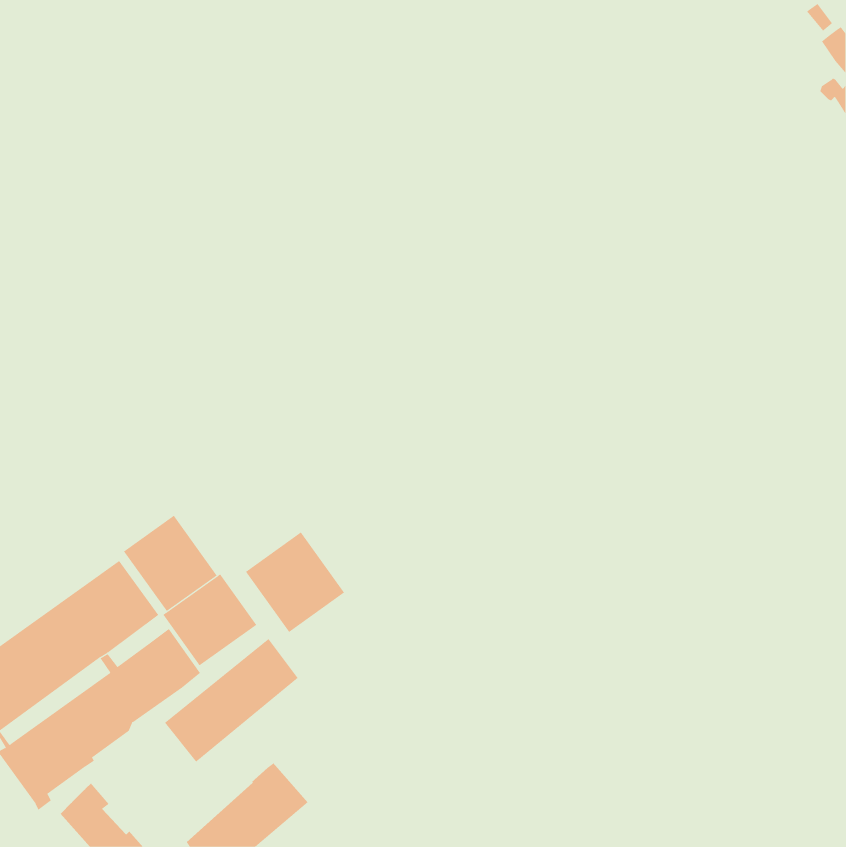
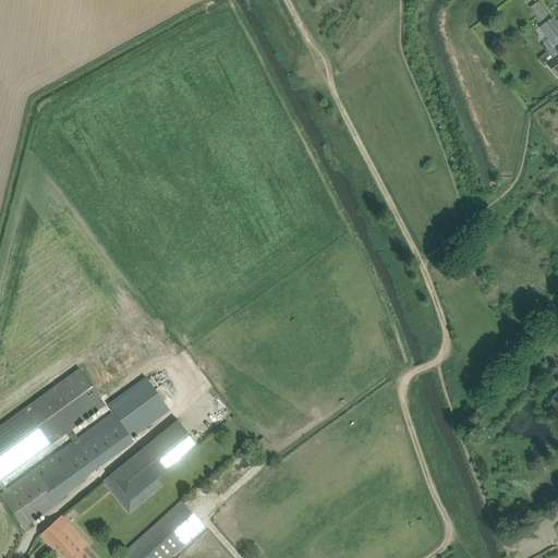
building: [123,515,217,612] -> none
building: [245,531,345,633] -> none

